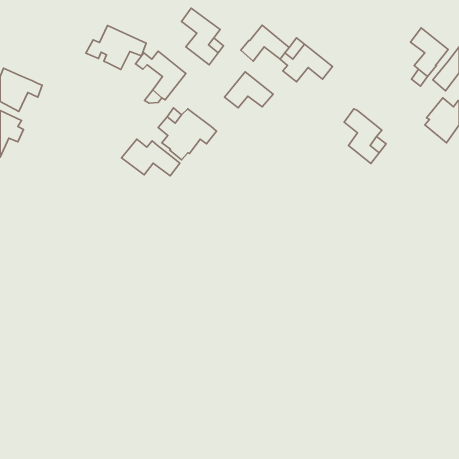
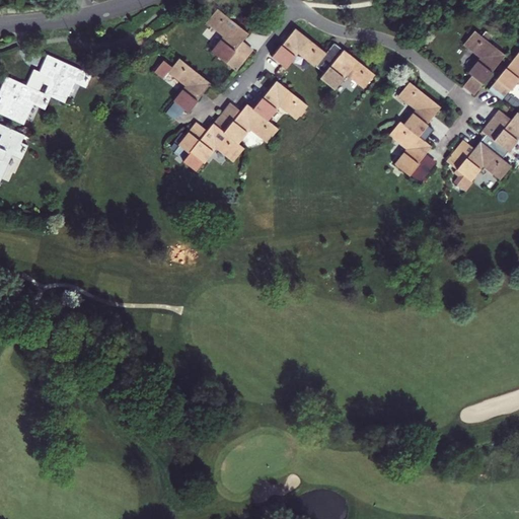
building: [86,25,146,69] -> [22,54,90,103]
building: none -> [397,83,441,142]
building: none -> [446,141,512,188]
building: [122,139,180,176] -> [213,102,279,144]

